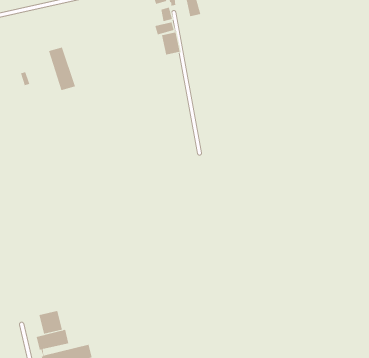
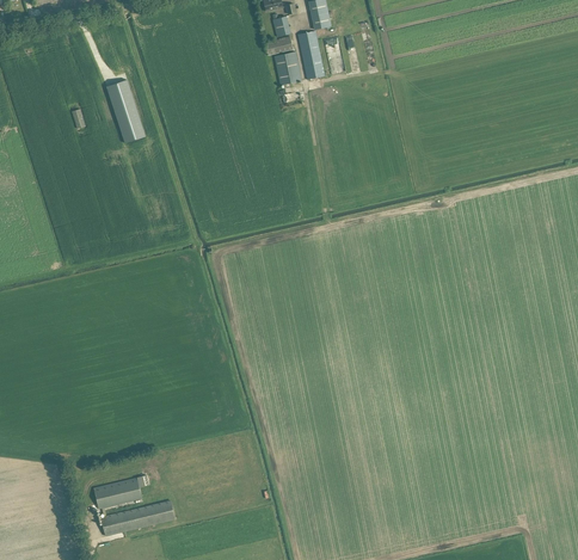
building: none -> [296,31,322,80]
building: [39,310,63,335] -> none

